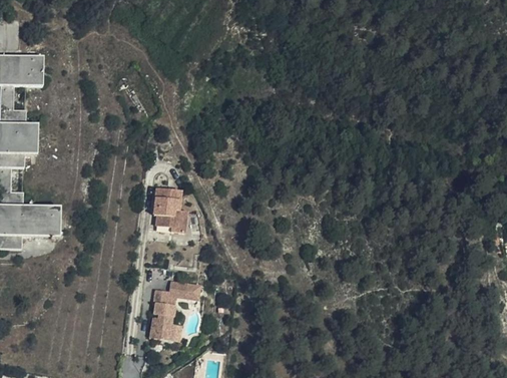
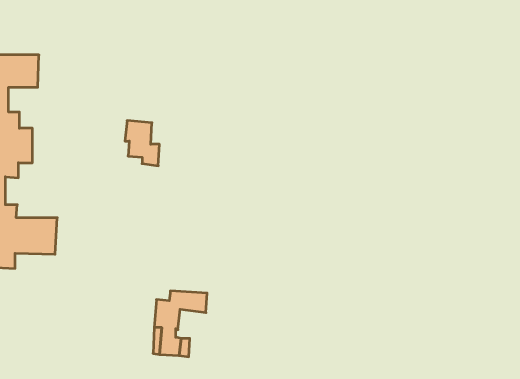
building: [151,186,183,229] -> [125,121,159,166]

